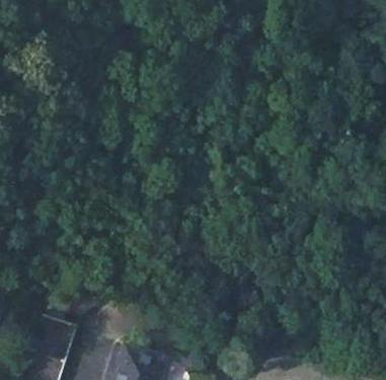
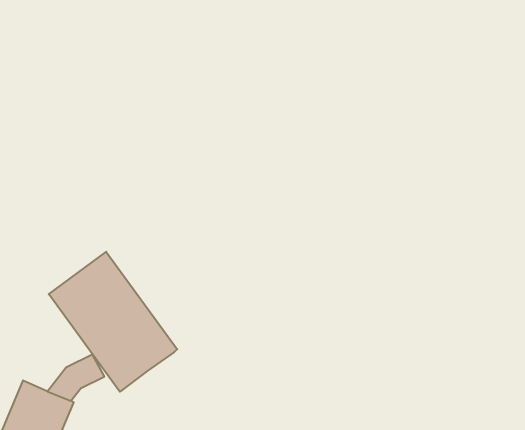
building: none -> [49,252,177,392]

